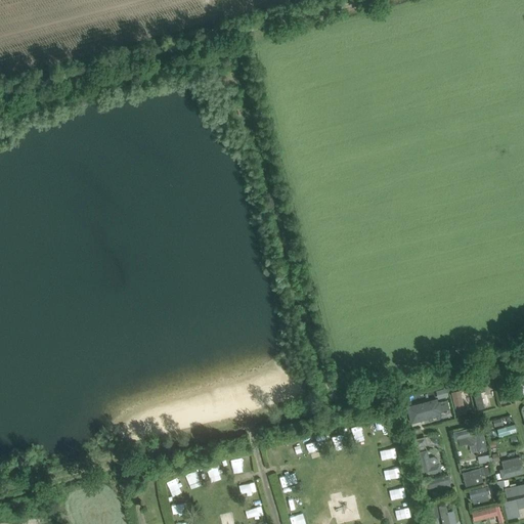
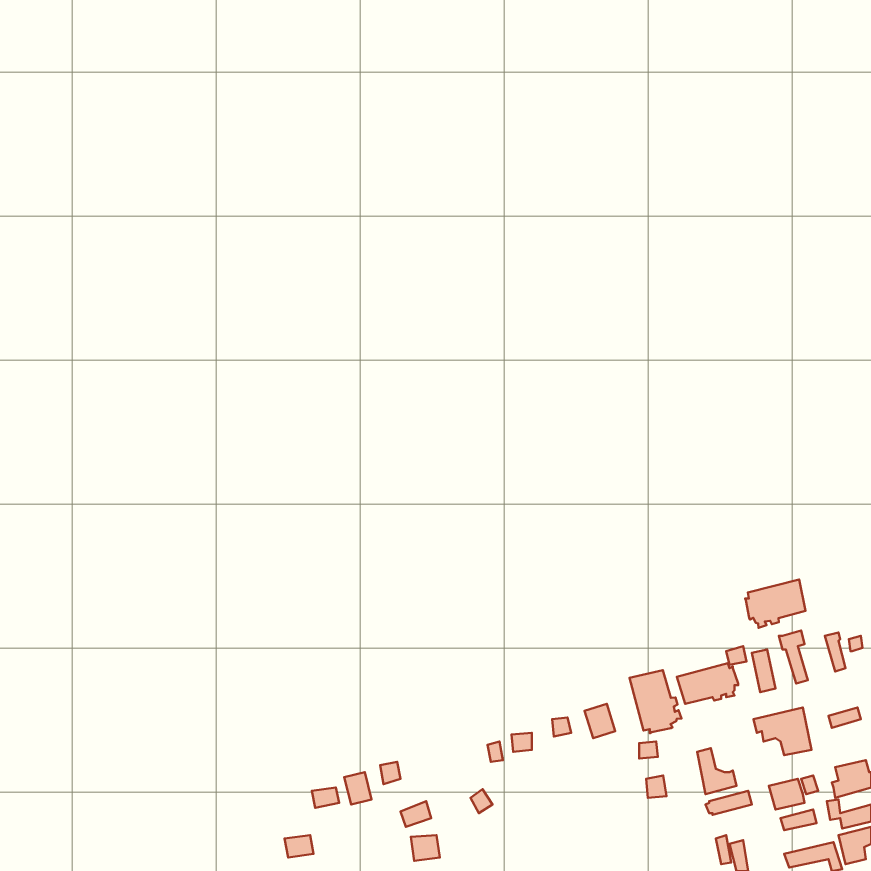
building: none -> [745,580,806,628]
building: none -> [629,670,681,733]

